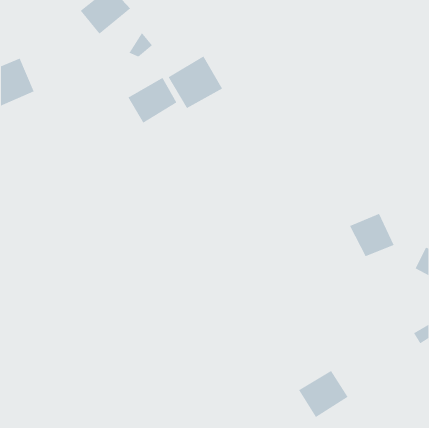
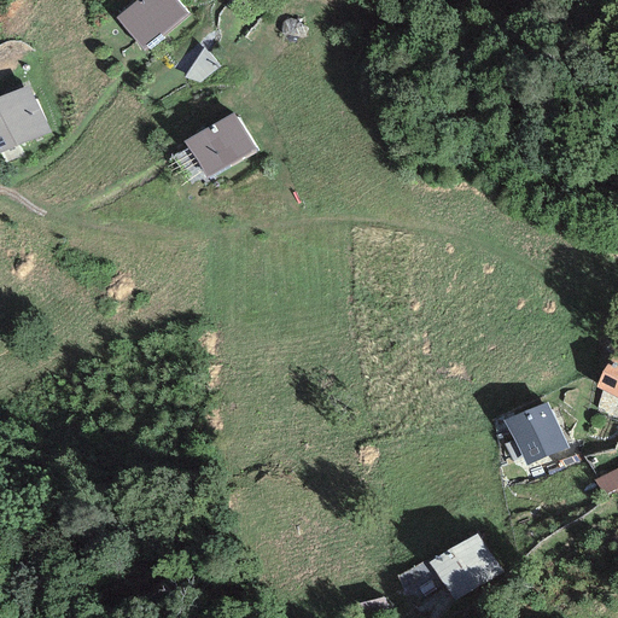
building: [168,56,223,109] -> none
building: [349,213,395,257] -> [503,402,569,465]

